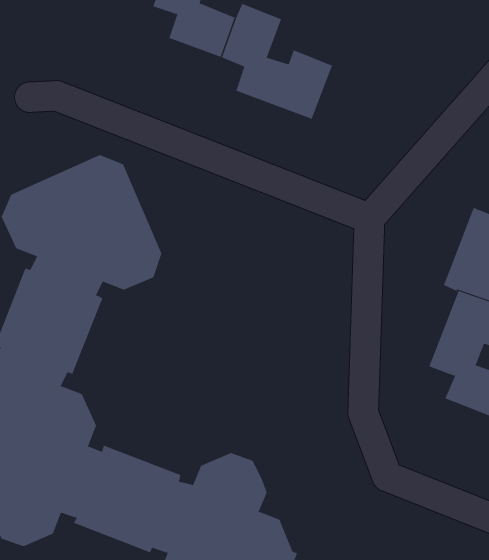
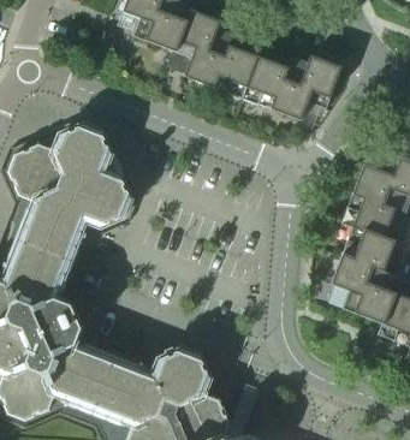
building: none -> [242,57,340,121]

